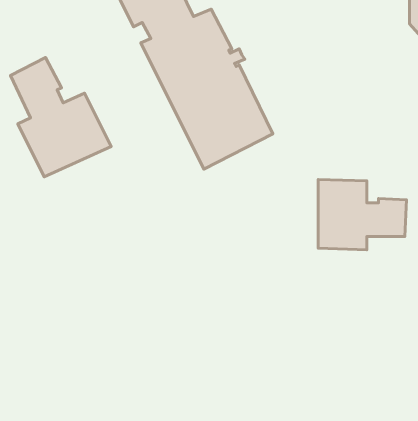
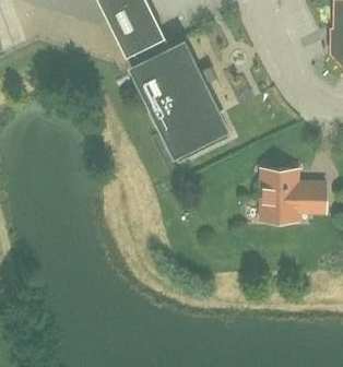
building: [11,58,111,177] -> none

